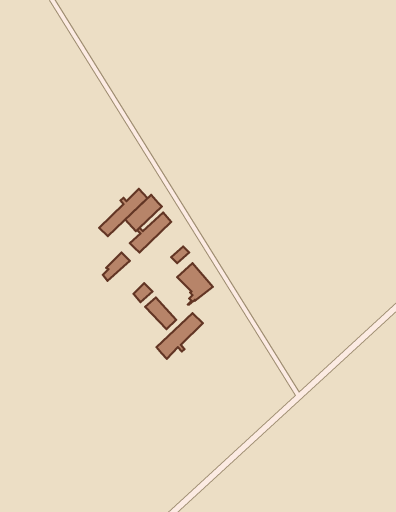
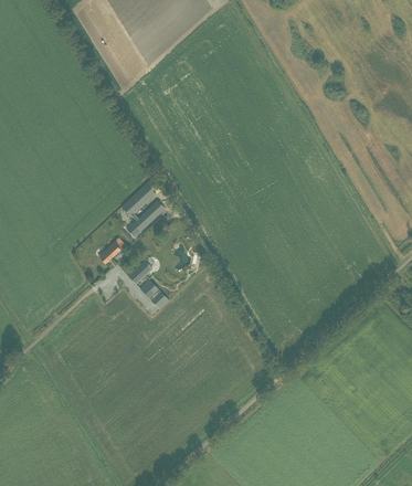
building: [99,189,148,236] -> none
building: [156,313,203,359] -> none

